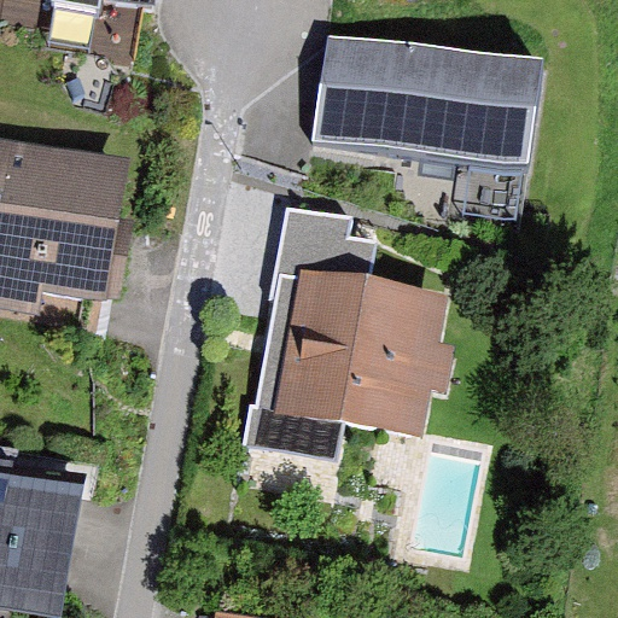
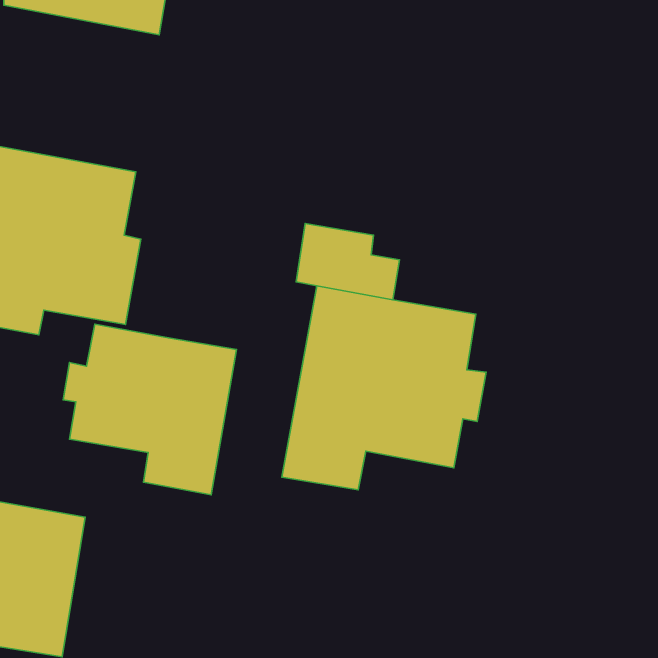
building: [313,33,540,221] -> none
building: none -> [63,324,237,495]

